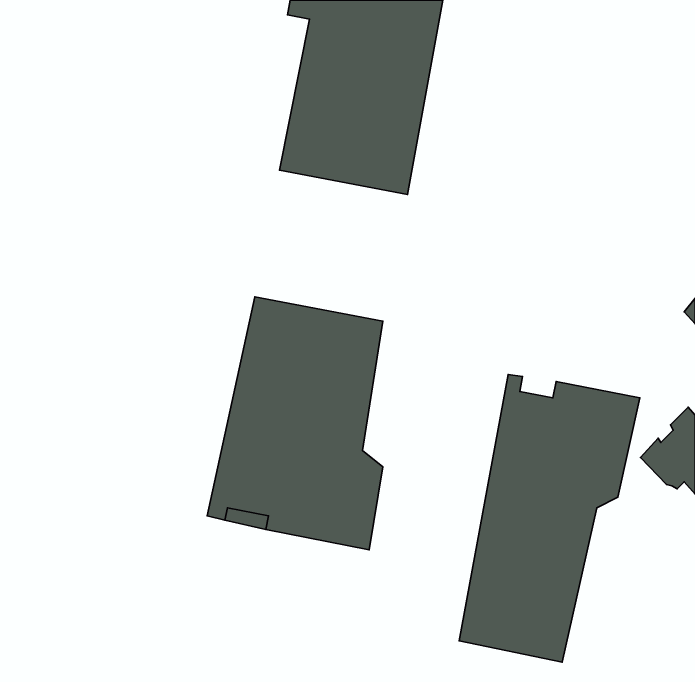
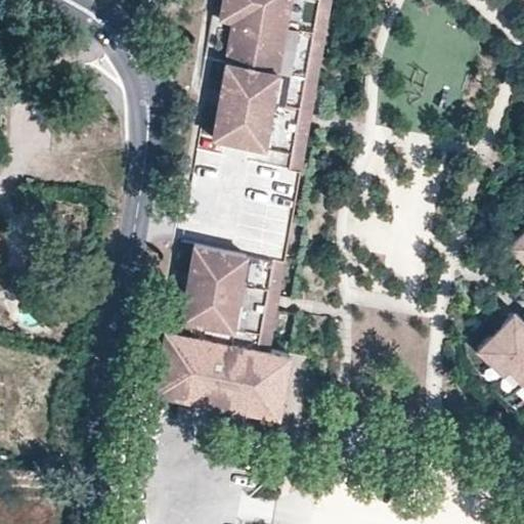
building: [459,374,640,662] -> none

